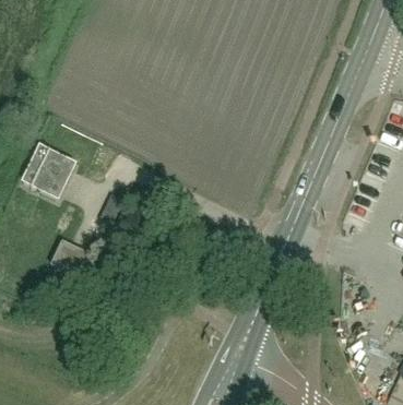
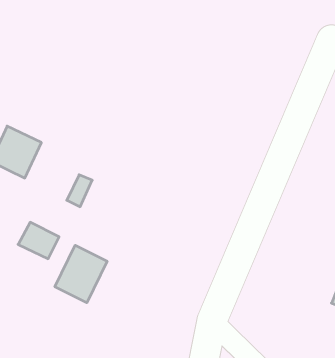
building: none -> [55,245,107,303]

